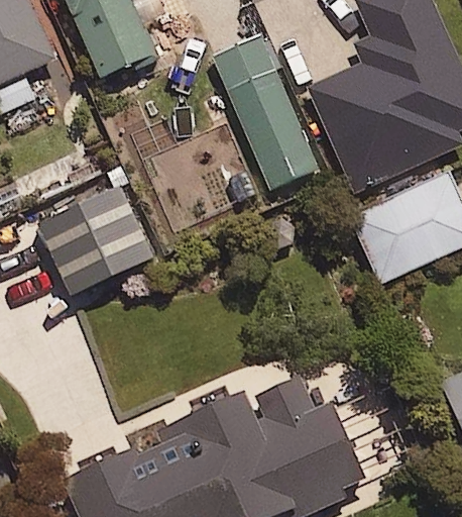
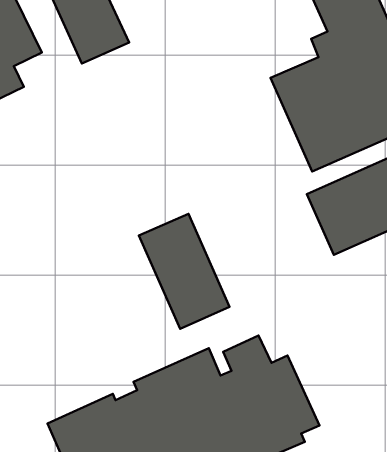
building: [216,42,317,193] -> none
building: [39,185,153,298] -> none
building: none -> [139,214,230,329]

